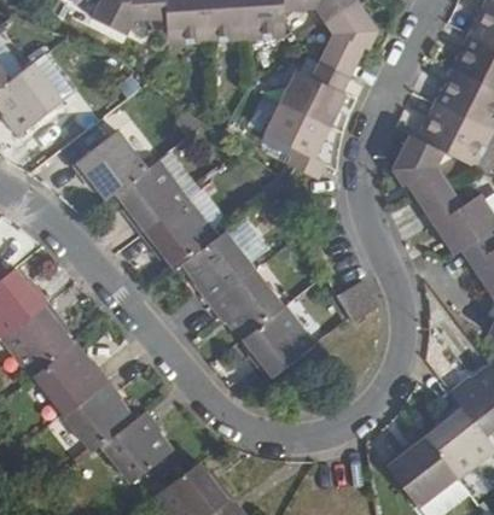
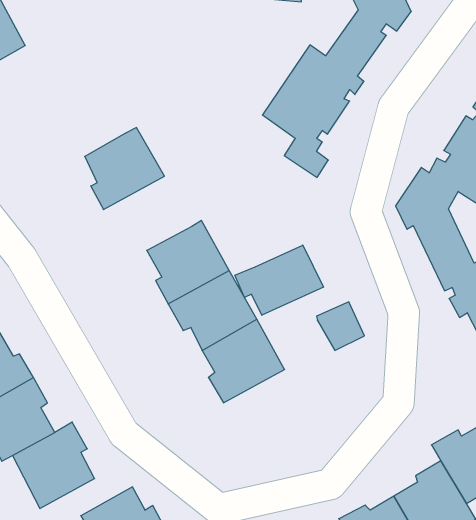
building: [80,124,153,195] -> none
building: [144,195,220,265] -> none
building: none -> [235,245,324,315]

